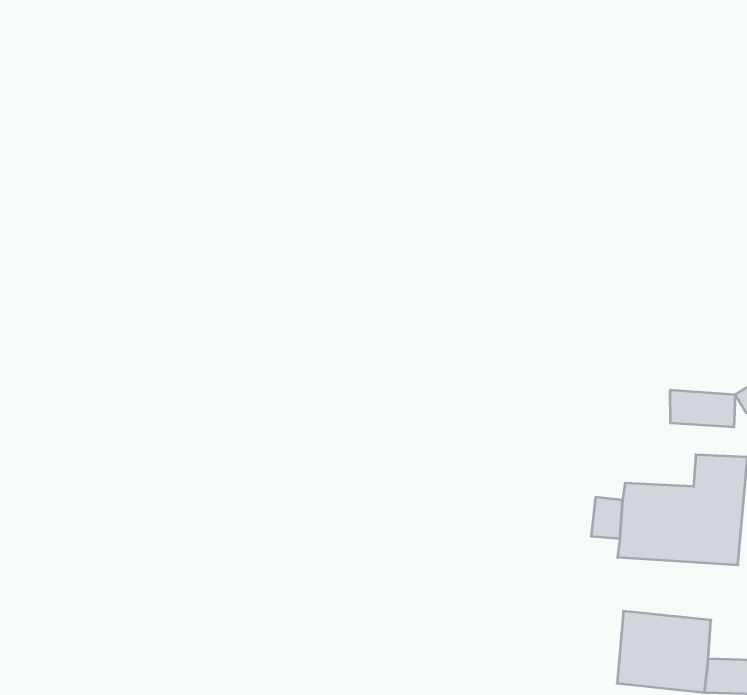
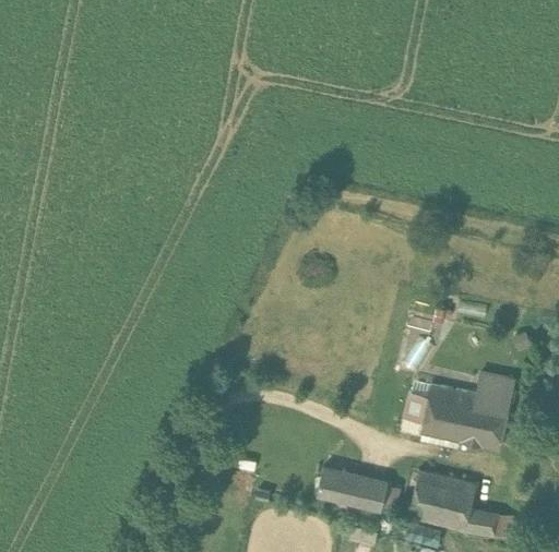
building: [670,390,735,427] -> none
building: none -> [318,467,389,511]

